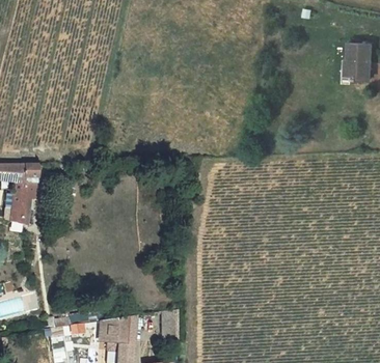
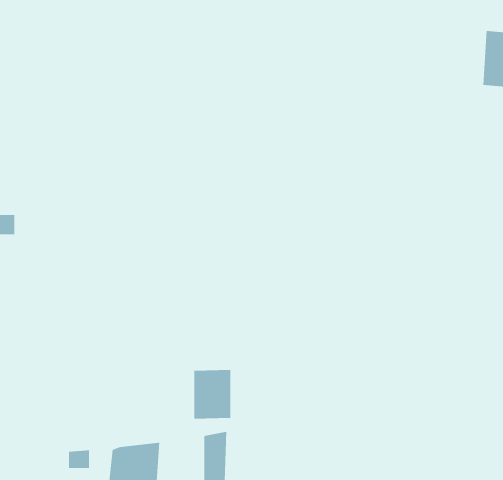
building: none -> [194,369,231,419]

